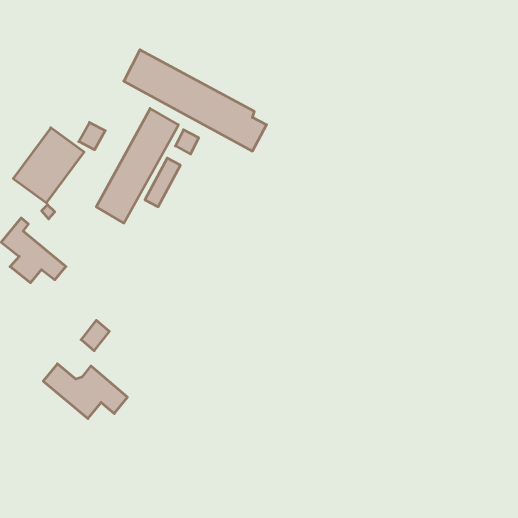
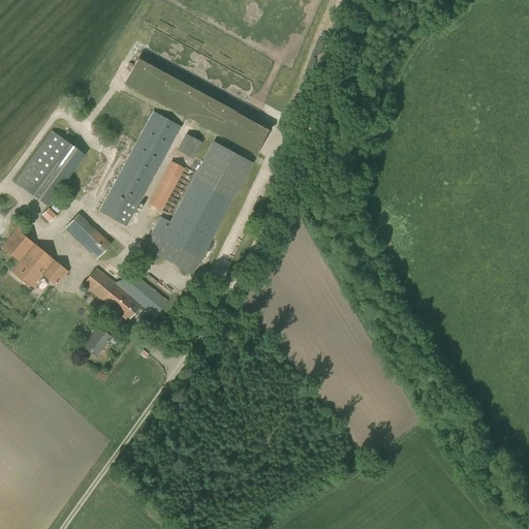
building: [79,122,105,150] -> none
building: none -> [144,142,253,274]
building: none -> [64,214,111,259]
building: [43,364,127,419] -> [82,267,167,322]

